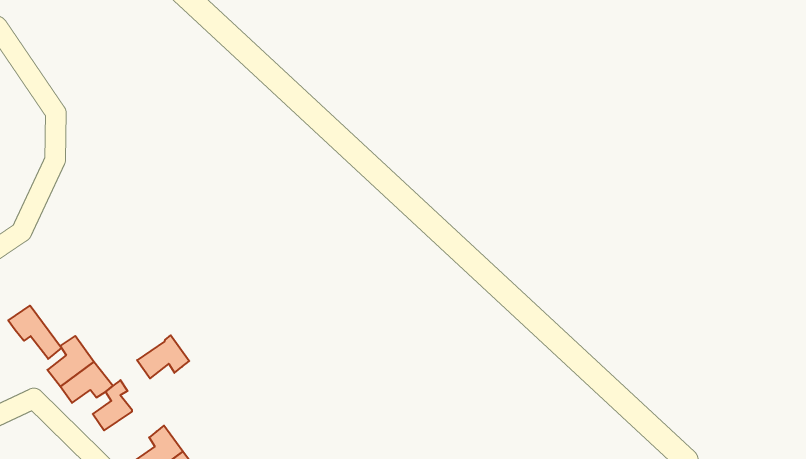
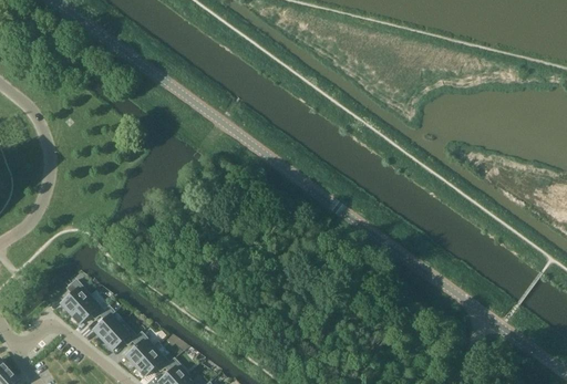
building: [8,306,62,359] -> none
building: [137,335,189,378] -> [103,321,137,351]

